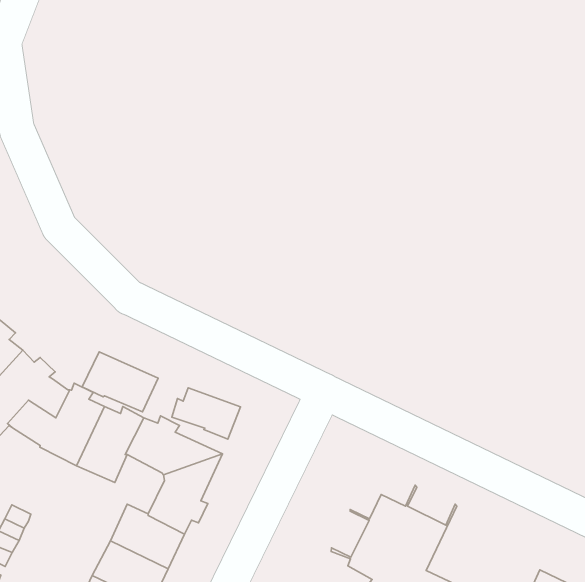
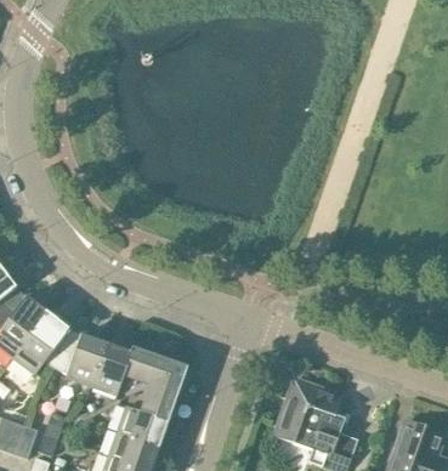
building: [82,352,158,412] -> none
building: [172,388,240,439] -> none

